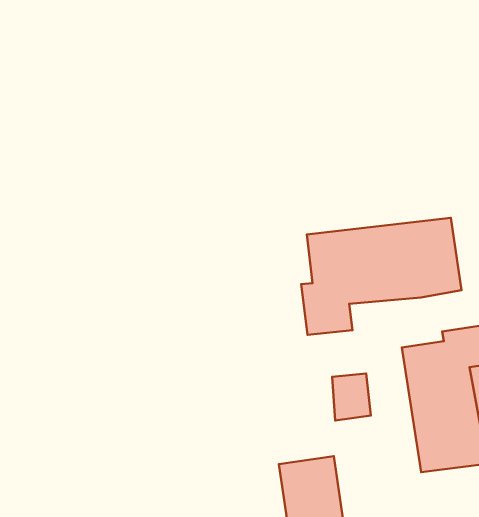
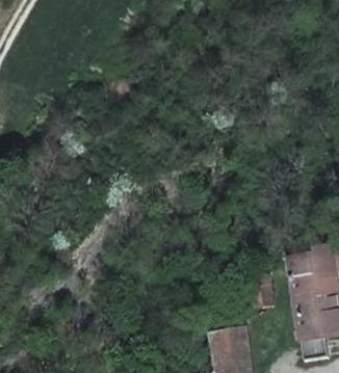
building: [301,218,461,335] -> none

